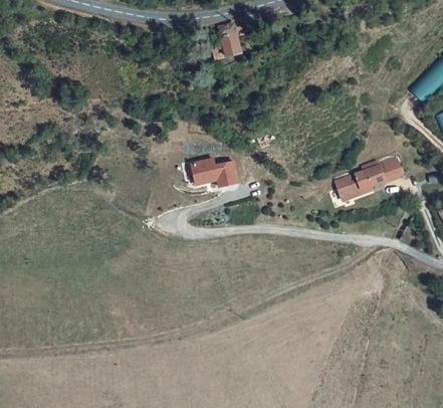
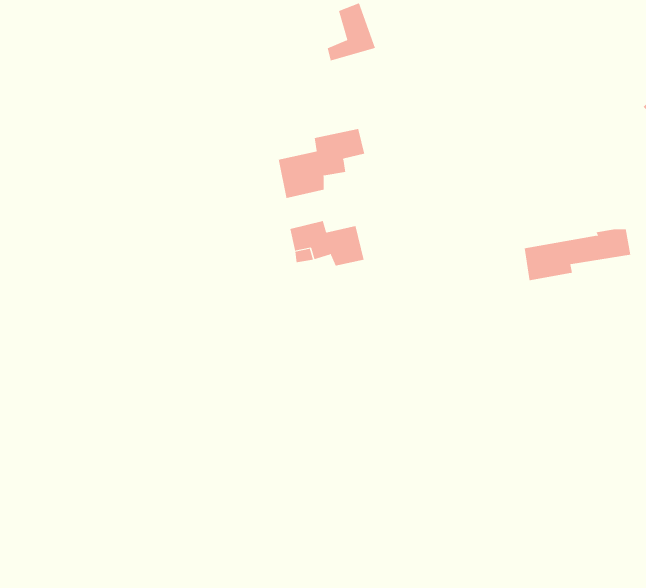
building: none -> [278,128,365,199]

